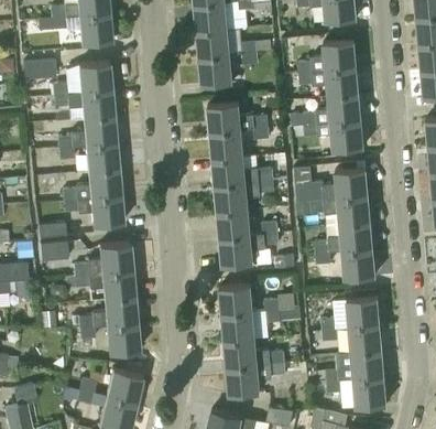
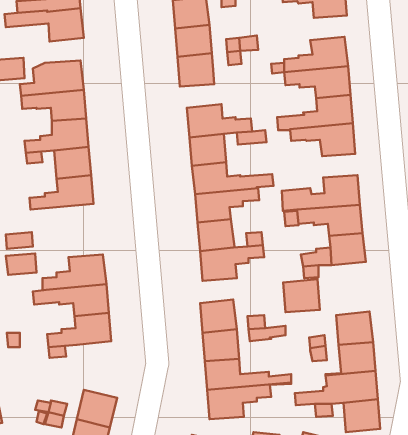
building: [62,195,122,226] -> none
building: [341,249,375,280] -> [283,279,320,312]
building: [105,323,139,354] -> none

